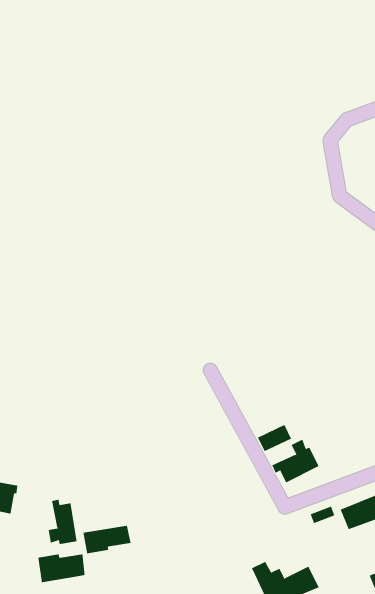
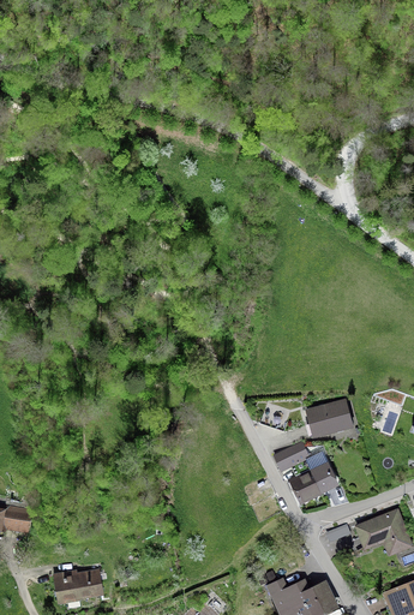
building: none -> [306,401,350,435]
building: [48,499,77,545] -> none
building: [83,525,131,554] -> none

